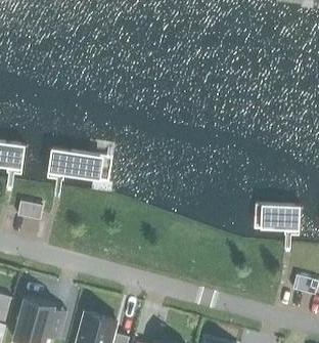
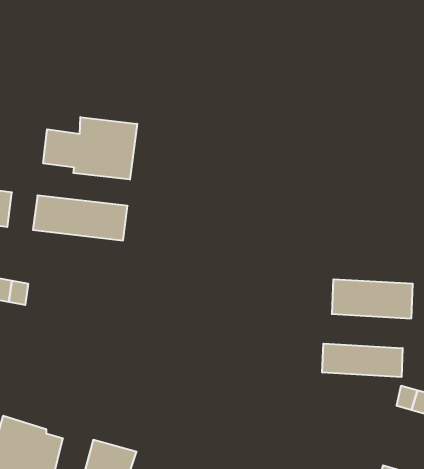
building: none -> [43,117,137,180]
building: none -> [322,344,403,377]

